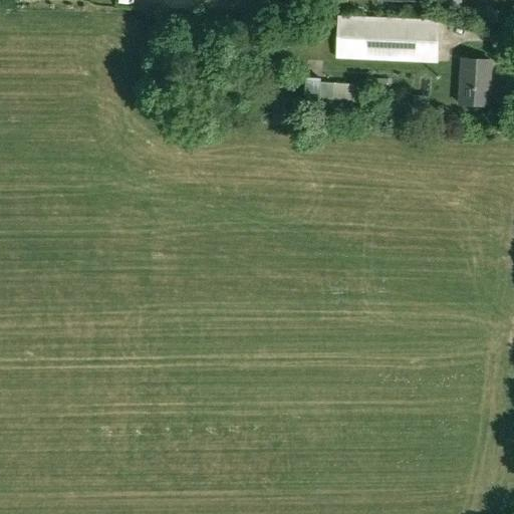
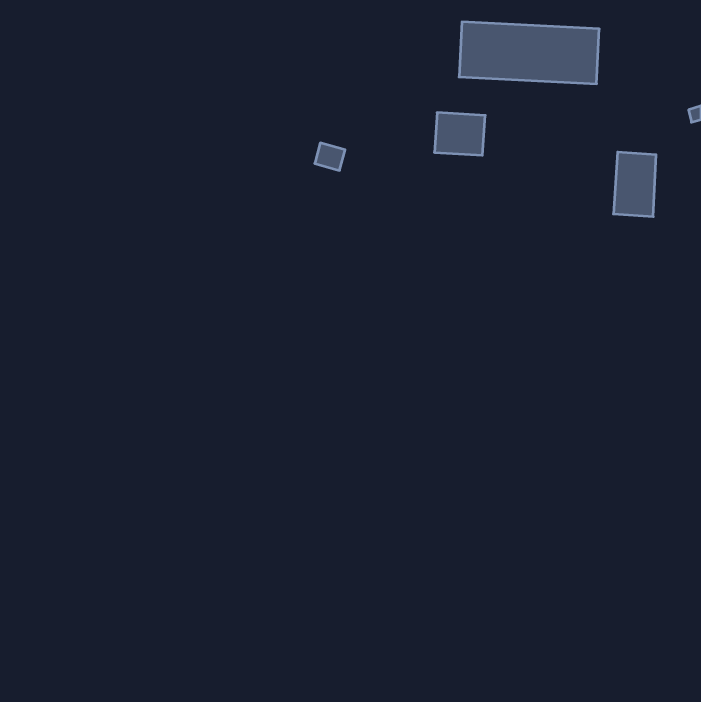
building: [459,57,490,104] -> [613,152,656,217]

